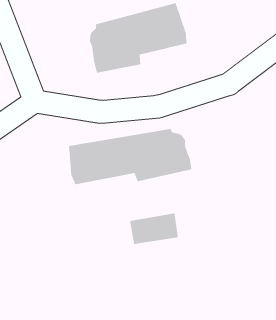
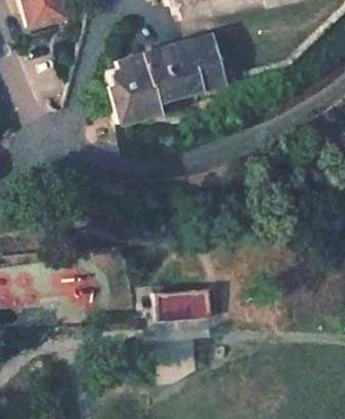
building: [68,128,192,185] -> none

